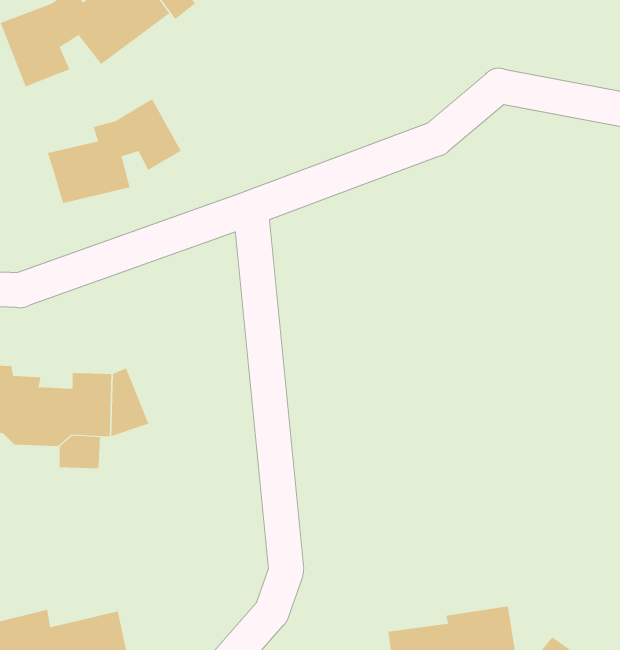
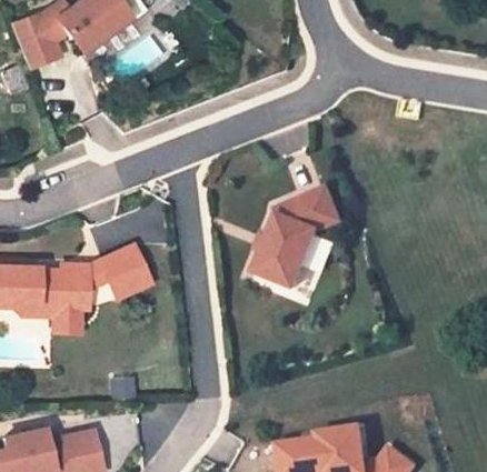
building: [47,98,182,204] -> none
building: none -> [255,185,339,288]
building: none -> [97,247,149,300]

